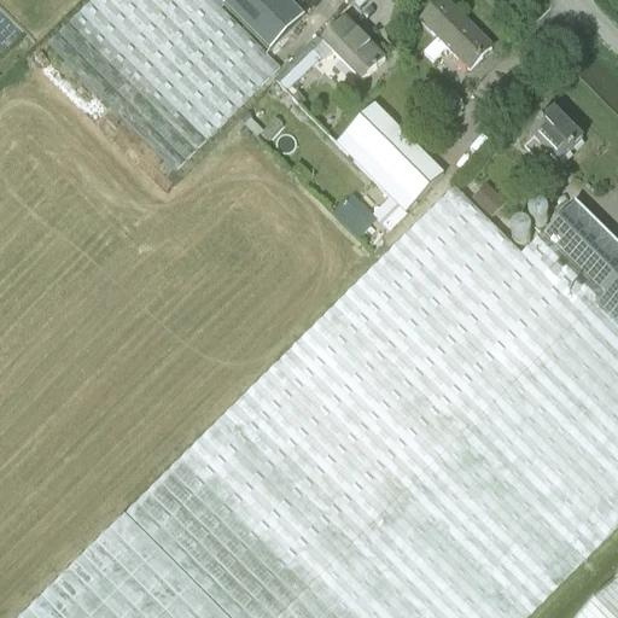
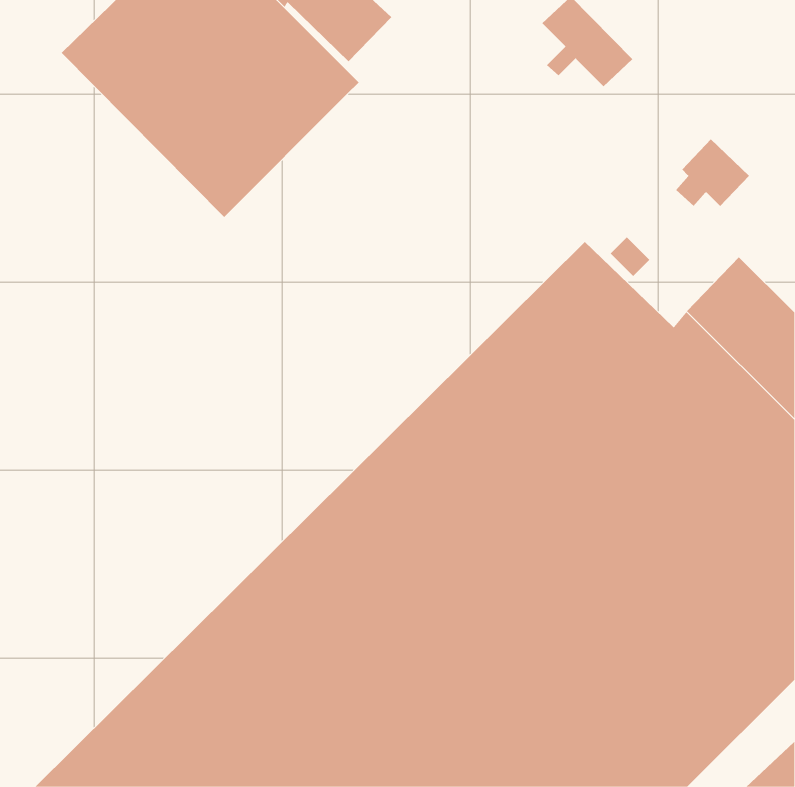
building: [274,17,384,89] -> none
building: [334,101,443,209] -> none

